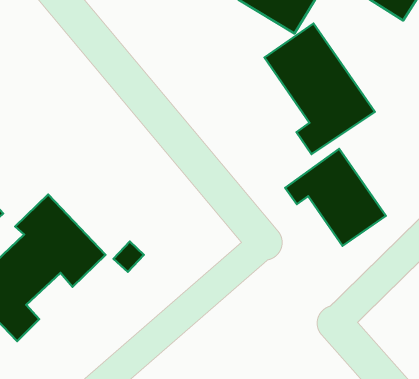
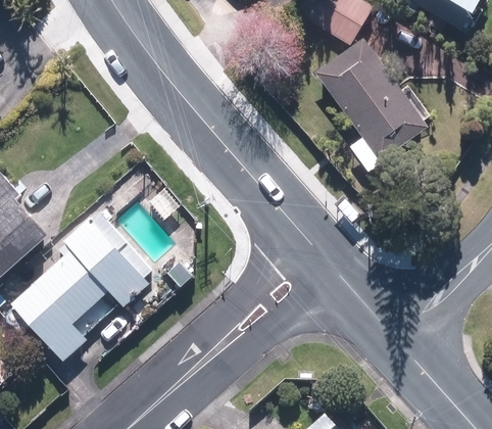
building: [285,149,386,246] -> none

